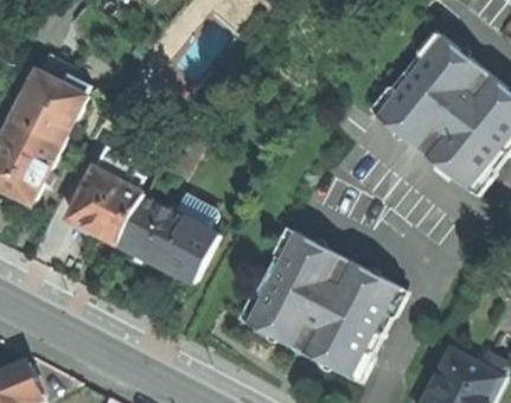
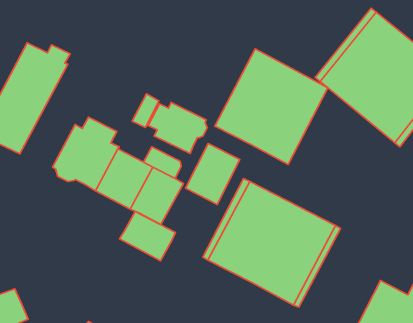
building: none -> [215,49,328,164]
building: none -> [148,102,207,154]
building: none -> [186,143,240,204]
building: none -> [119,211,176,261]

